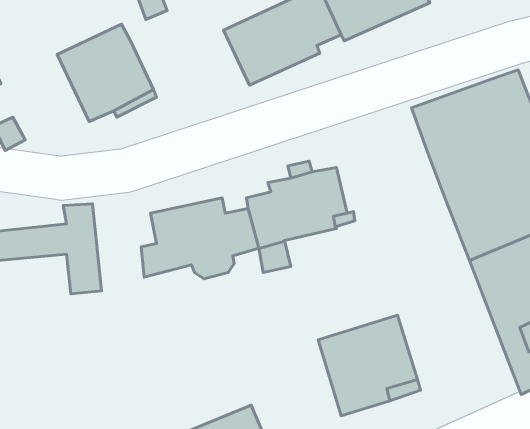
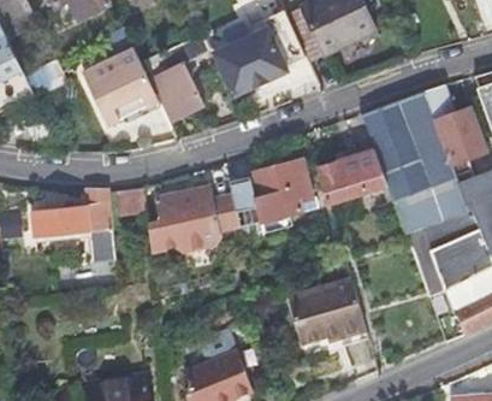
building: none -> [144,61,203,120]
building: none -> [316,151,386,202]

